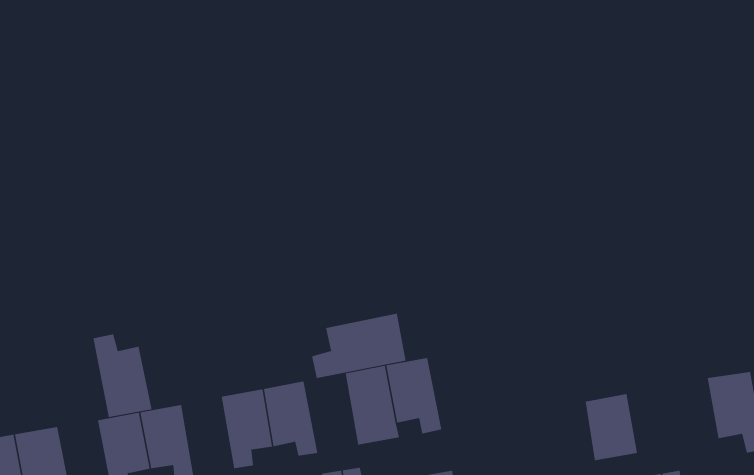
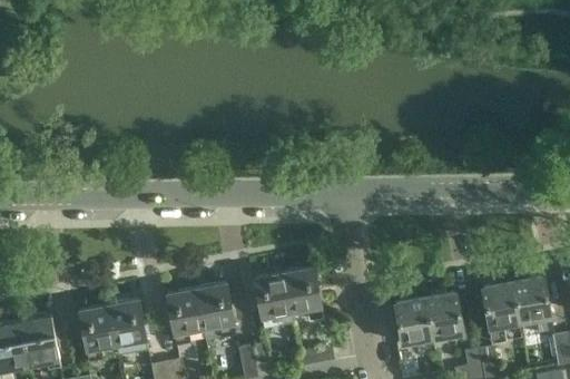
building: [312,313,406,379] -> none
building: [93,333,152,418] -> none
building: none -> [481,280,520,342]
building: none -> [394,297,432,344]

